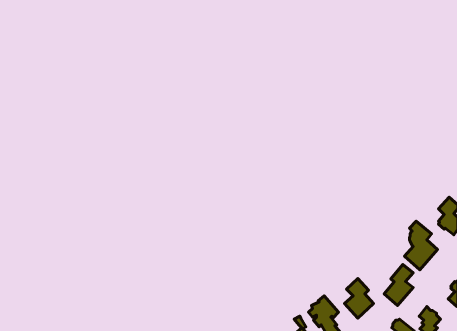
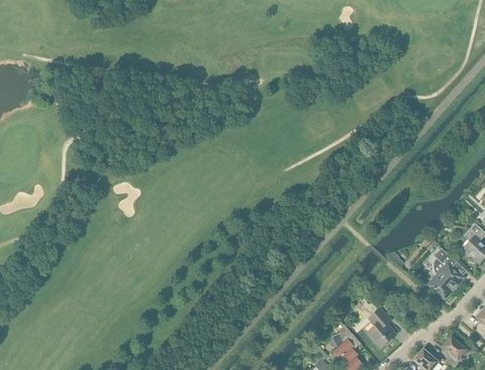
building: [384,265,413,305] -> none

